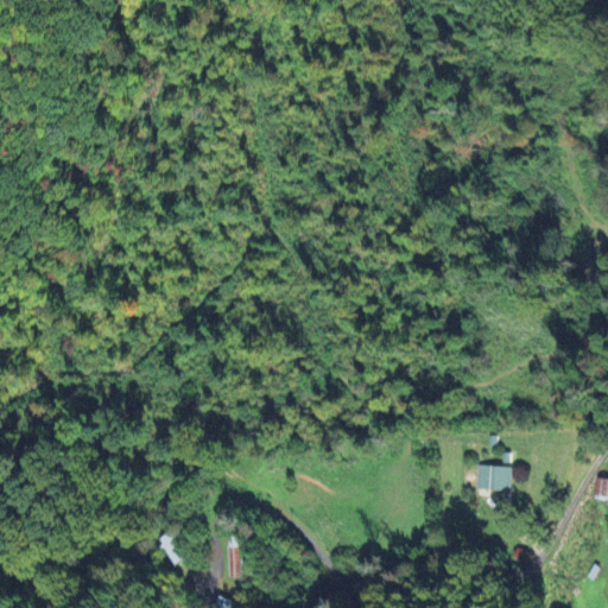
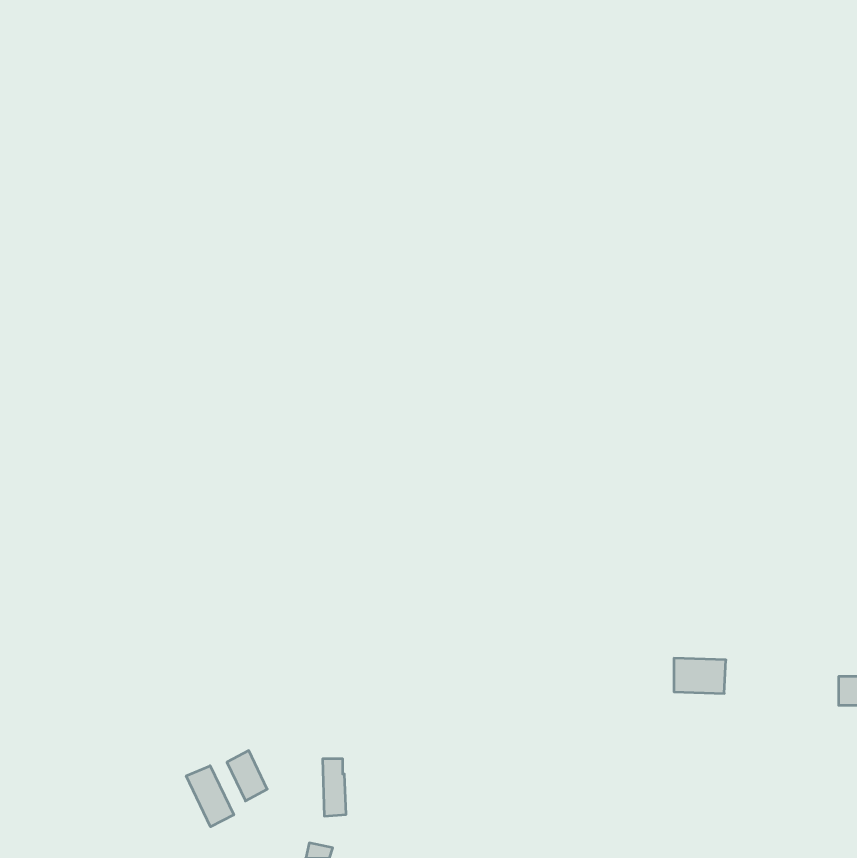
building: none -> [186,766,234,827]

